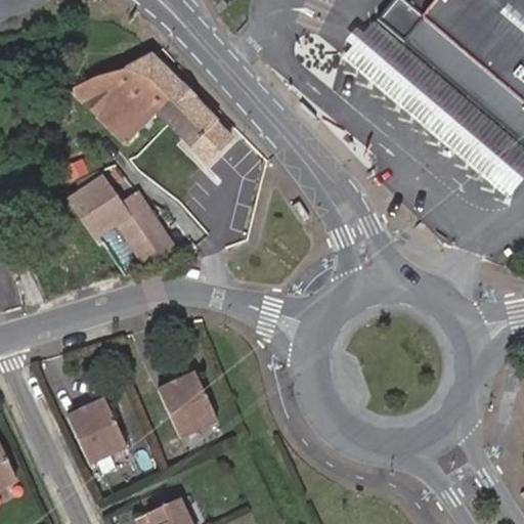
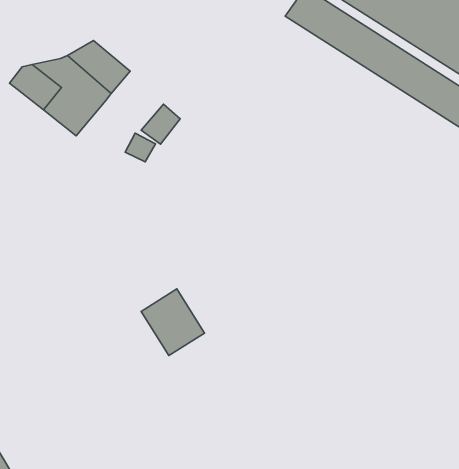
building: [156,87,215,146] -> none
building: [74,177,174,268] -> none
building: [161,373,220,437] -> [141,289,204,356]
building: [70,399,129,464] -> none

